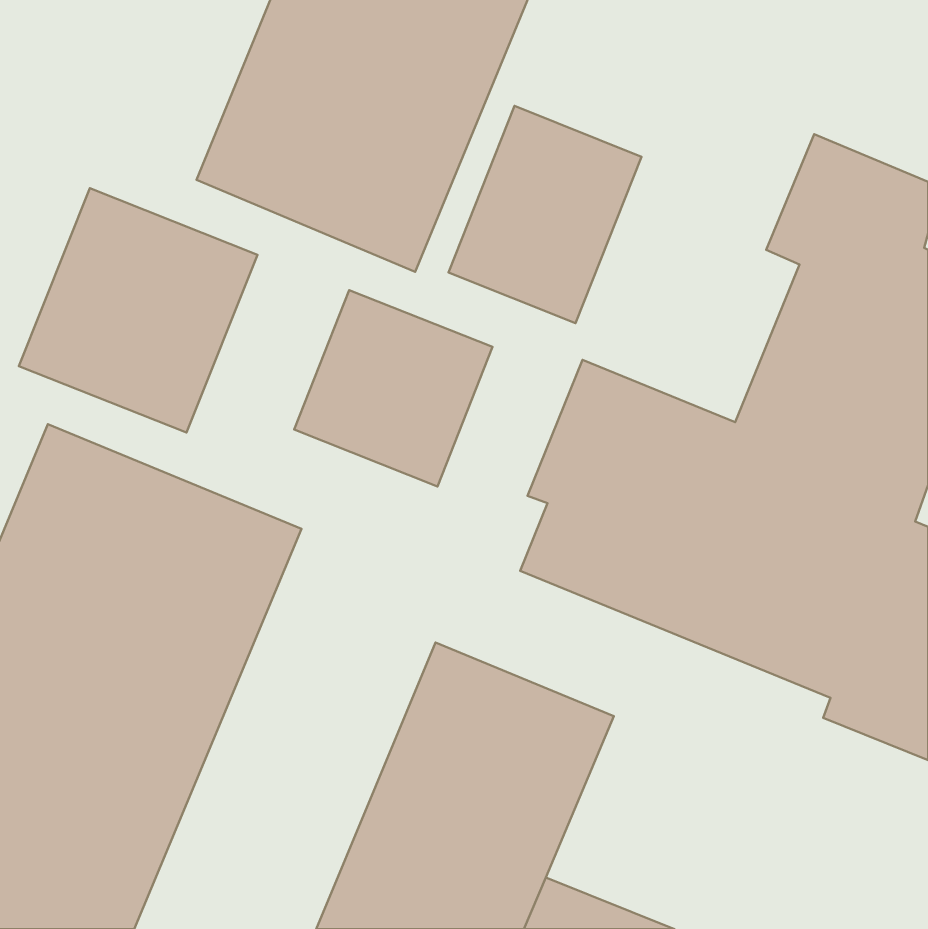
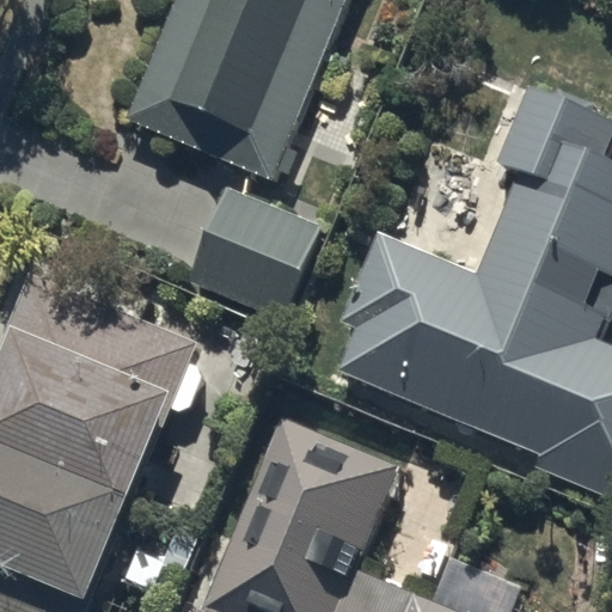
building: [448,106,642,323] -> none
building: [19,188,258,433] -> none

